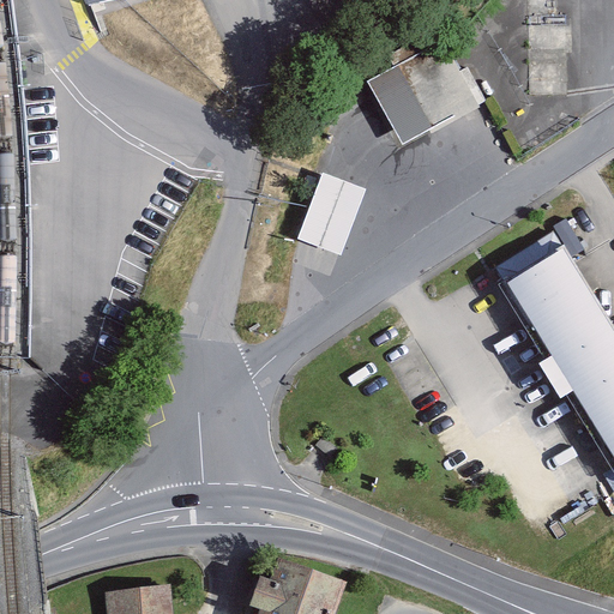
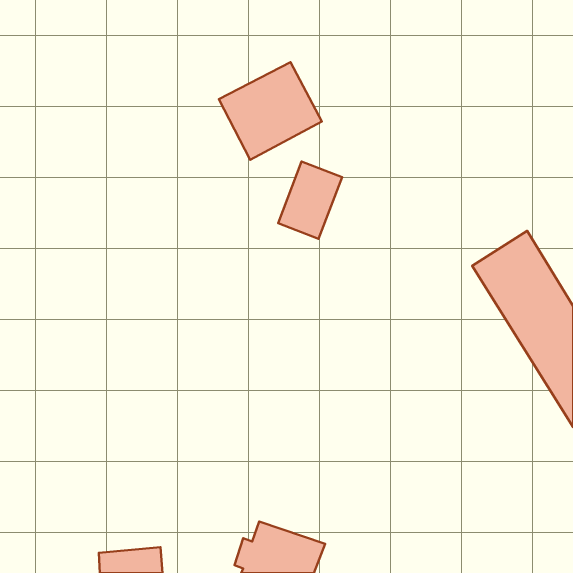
building: [368,41,478,145] -> [219,62,322,160]

